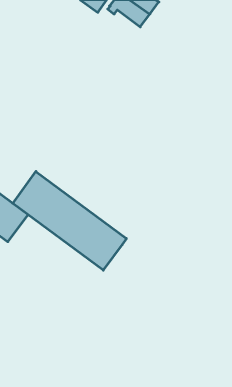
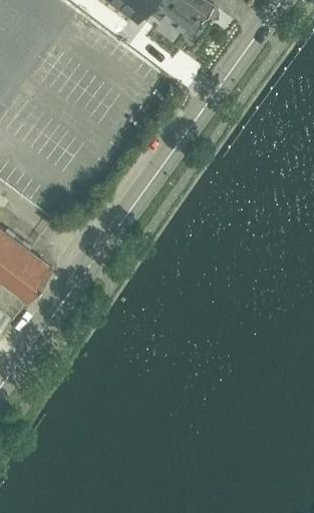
building: [13,171,126,270] -> none

